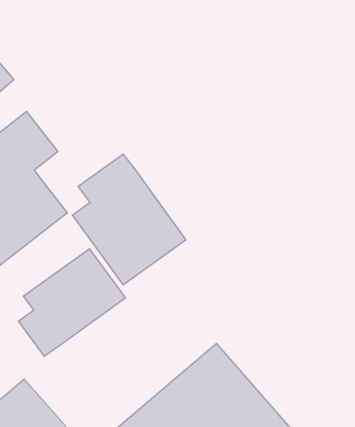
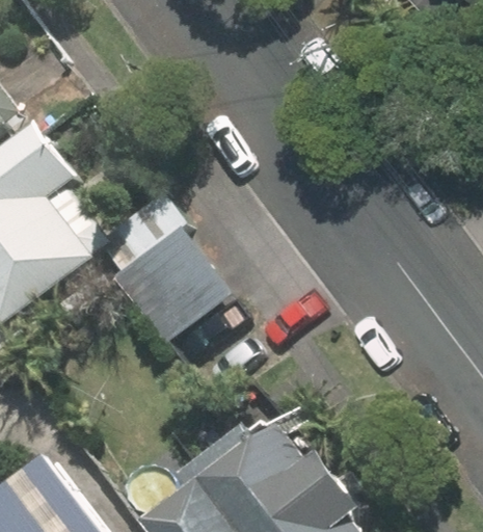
building: [18,249,125,356] -> none

